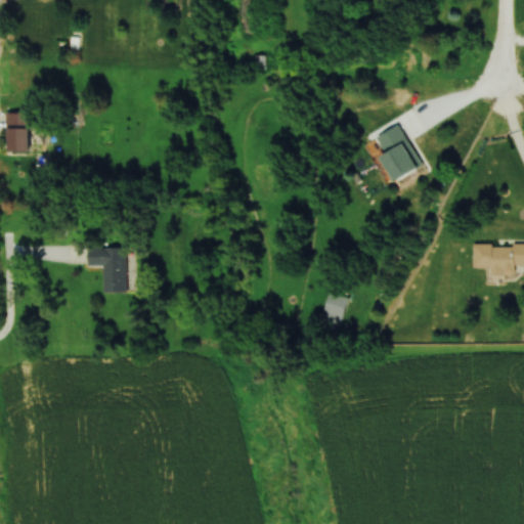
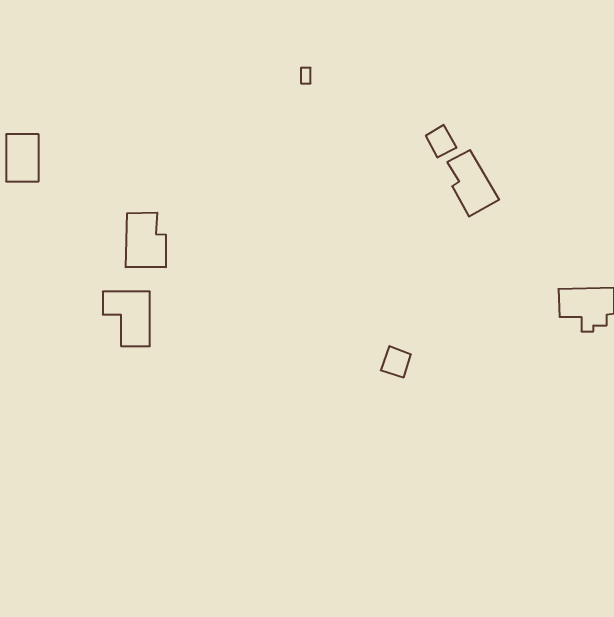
building: none -> [426,125,456,158]
building: none -> [126,213,166,267]

